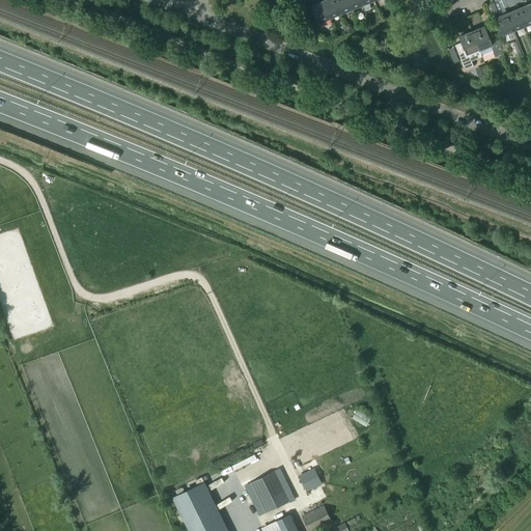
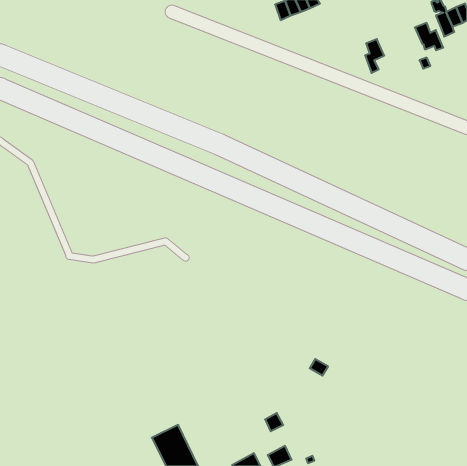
building: [457,31,479,69] -> [365,39,384,73]
building: [251,471,288,511] -> none

